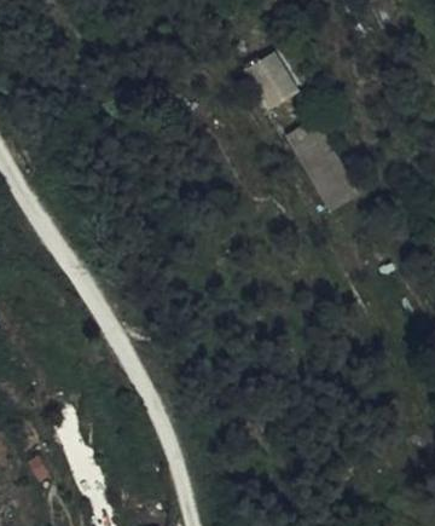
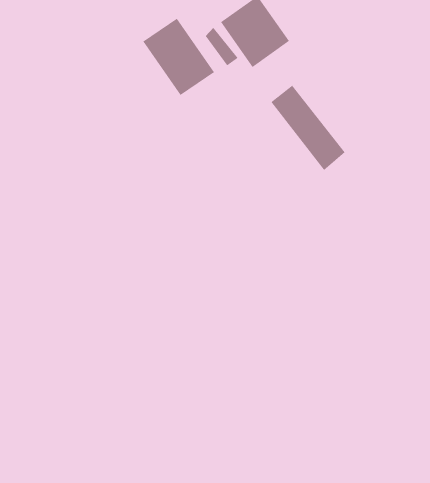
building: none -> [142,18,215,96]

